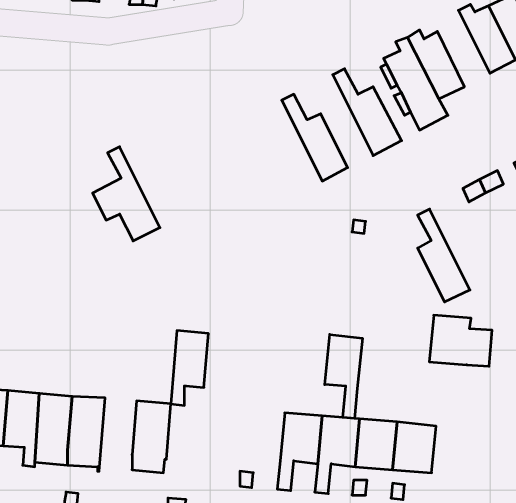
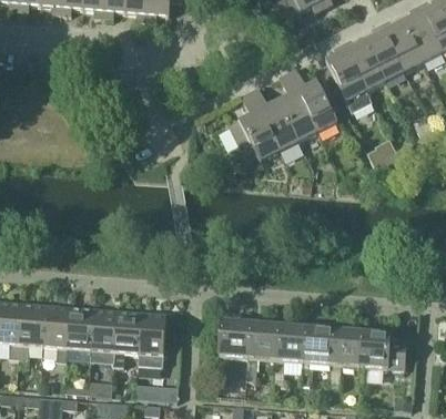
building: none -> [364,23,403,80]
building: [93,147,160,241] -> [229,90,278,160]
building: [418,209,470,302] -> [277,71,316,140]
building: [429,315,492,366] -> [359,331,406,369]
building: [171,331,208,405] -> [113,310,141,366]
building: [325,334,362,418] -> none
building: none -> [217,319,251,357]

